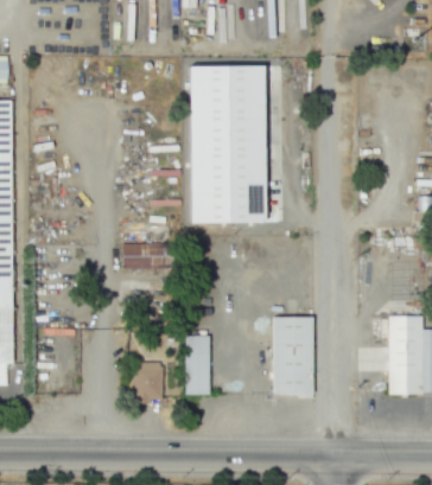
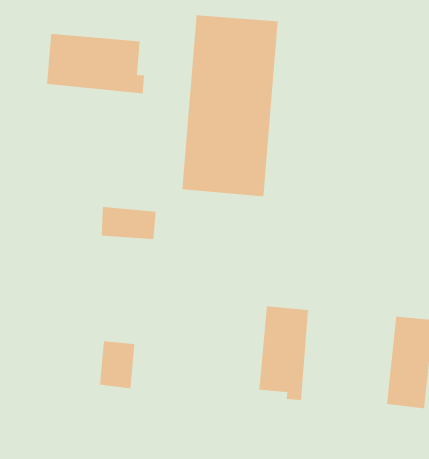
building: none -> [46,33,145,94]
building: [183,334,210,397] -> none

